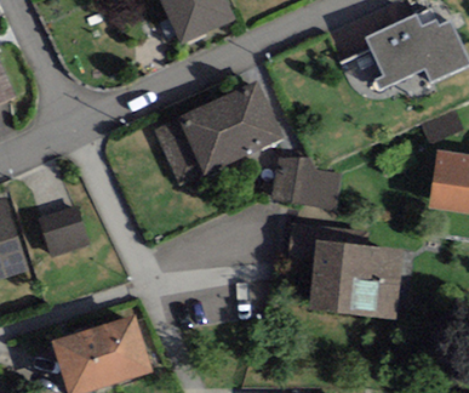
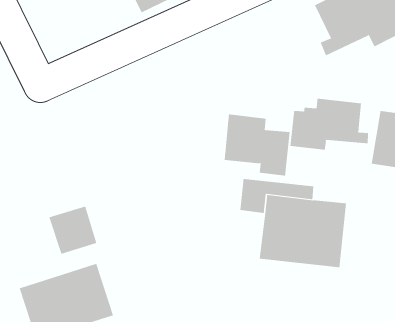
building: [153,80,284,188] -> none
building: none -> [290,98,369,150]
building: [38,206,90,258] -> [48,206,97,255]

